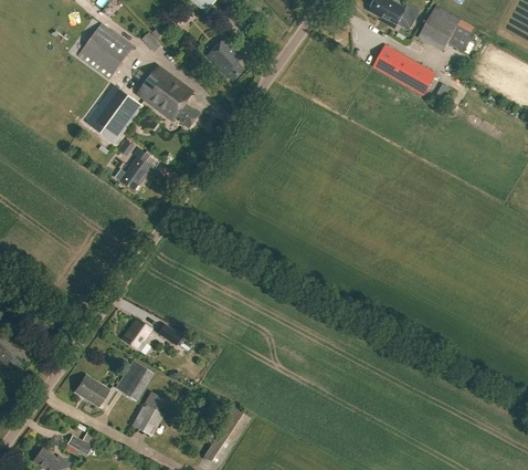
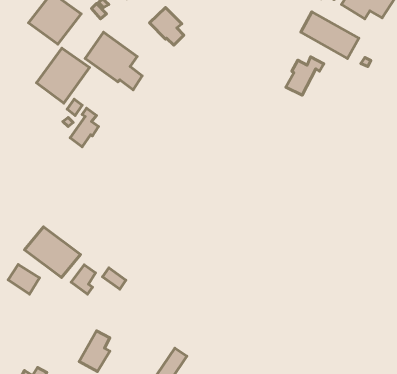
building: none -> [286,57,324,95]
building: none -> [25,227,80,278]
building: [116,359,150,399] -> none
building: [75,375,109,407] -> [8,265,40,294]

